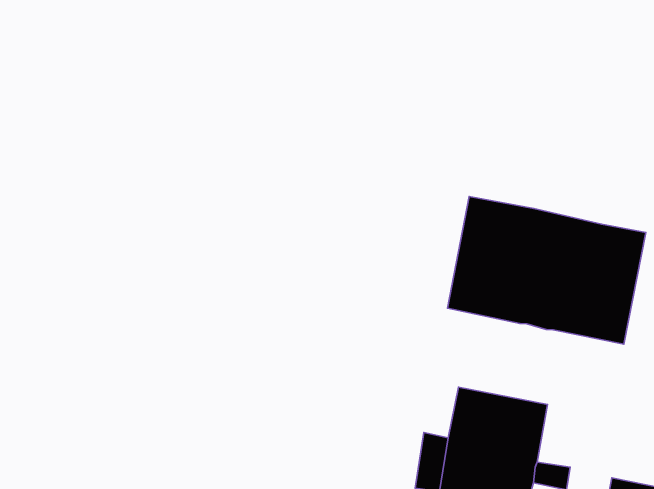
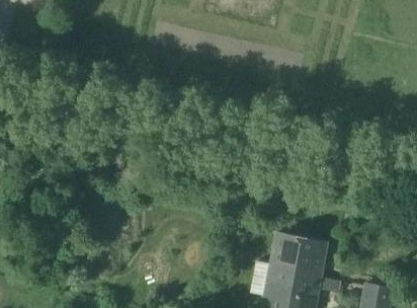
building: [447,197,646,344] -> none

